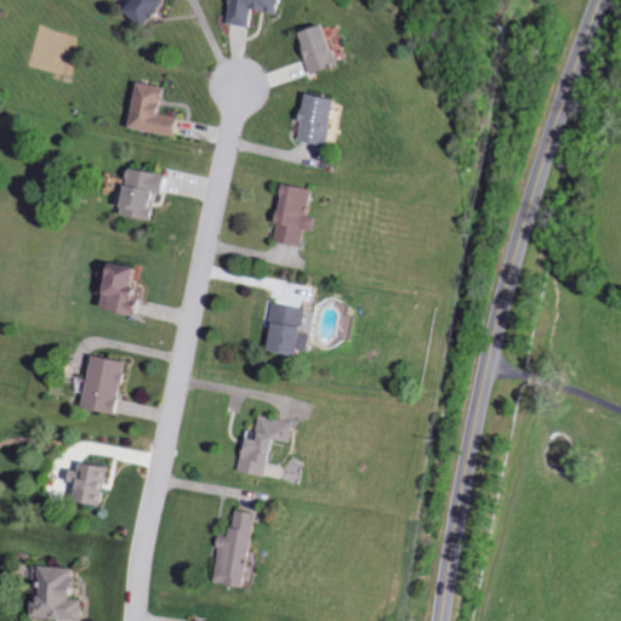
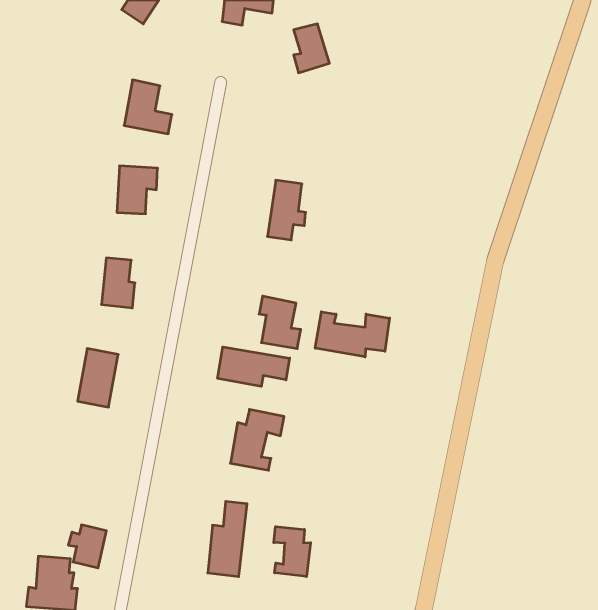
building: [294,90,335,146] -> none
building: none -> [315,312,390,357]
building: none -> [218,347,290,386]
building: [65,461,104,505] -> [68,525,106,568]
building: none -> [274,527,311,577]

